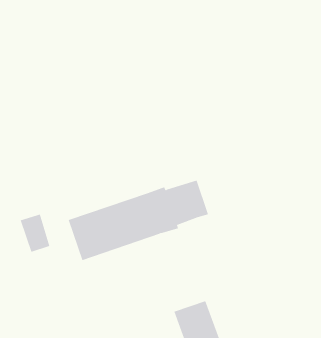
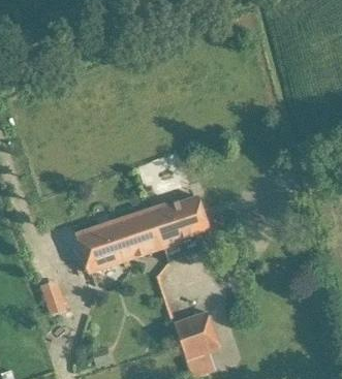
building: [20,214,50,253] -> [38,278,67,315]

